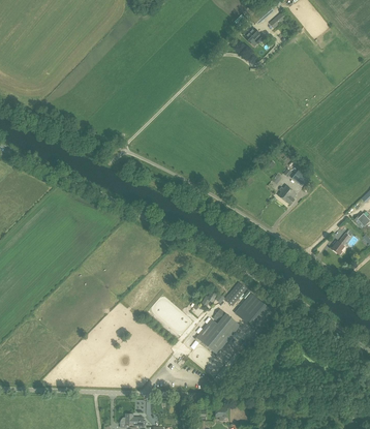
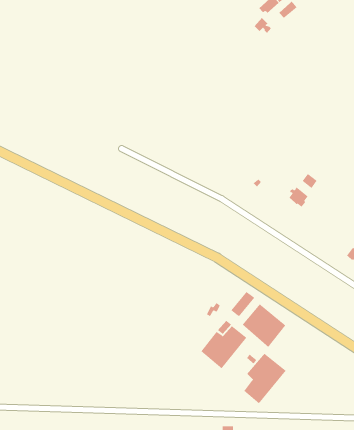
building: none -> [243,353,286,404]

